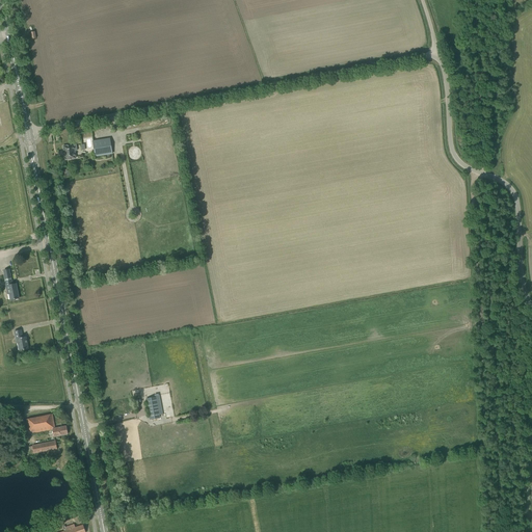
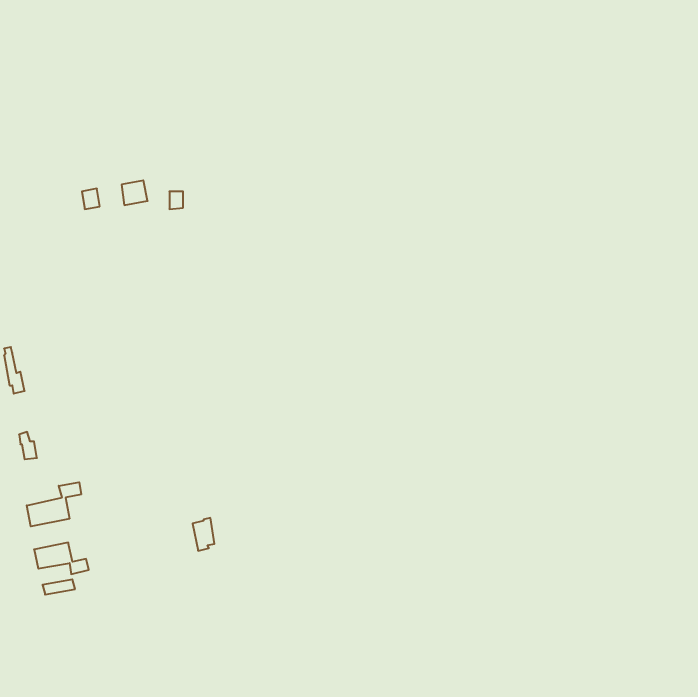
building: none -> [27,482,81,526]

